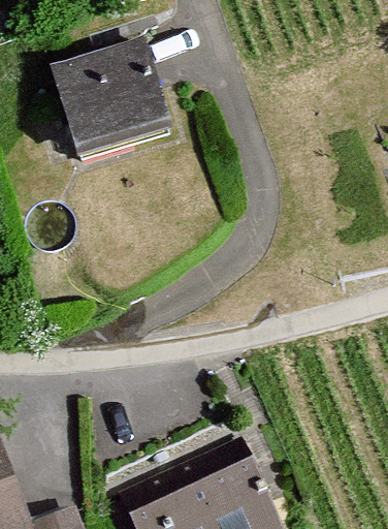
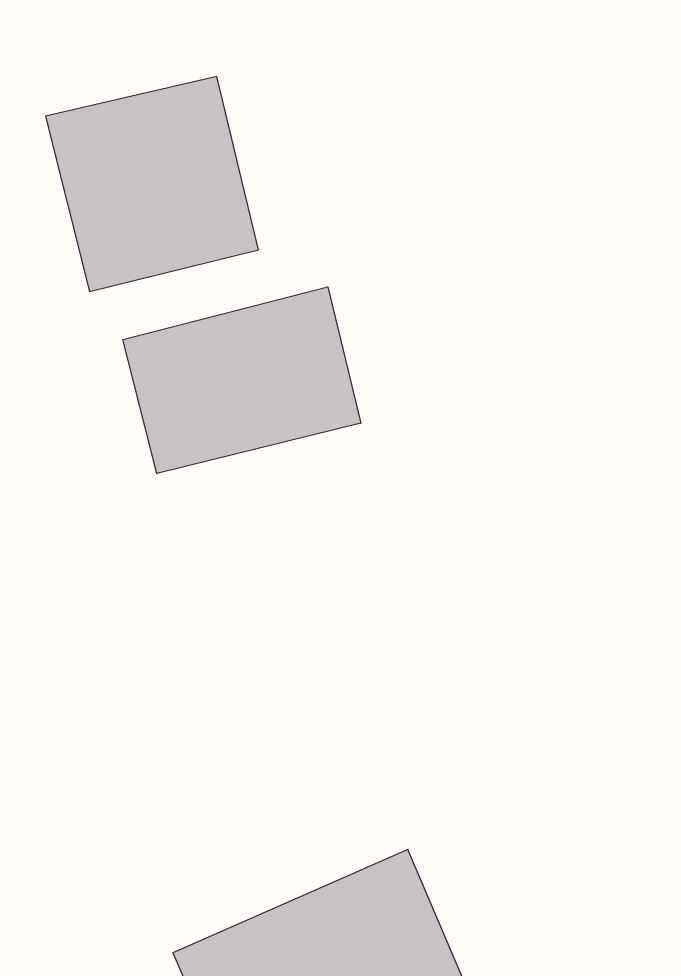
building: none -> [123,287,361,474]

